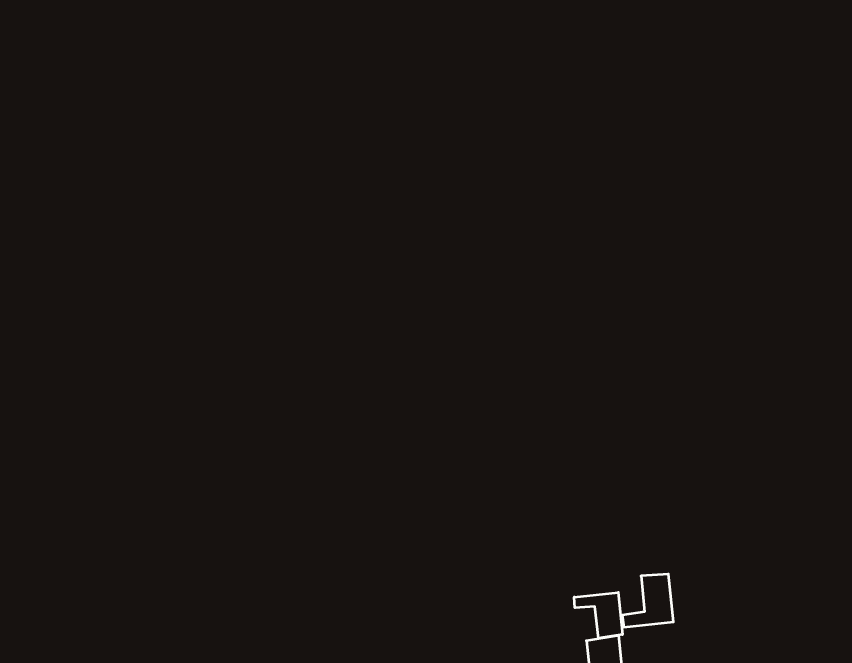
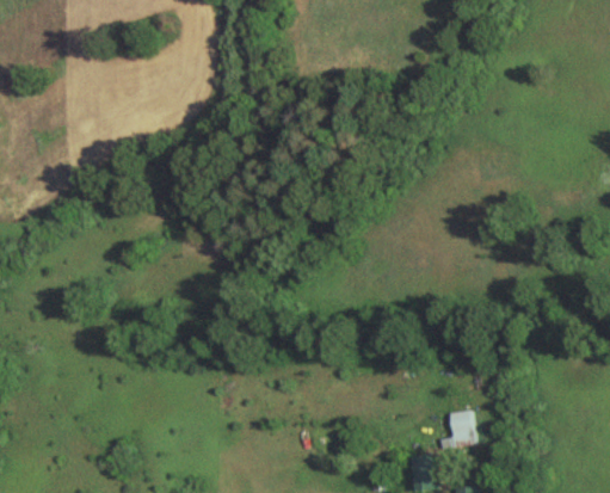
building: [574,592,622,638] -> none

